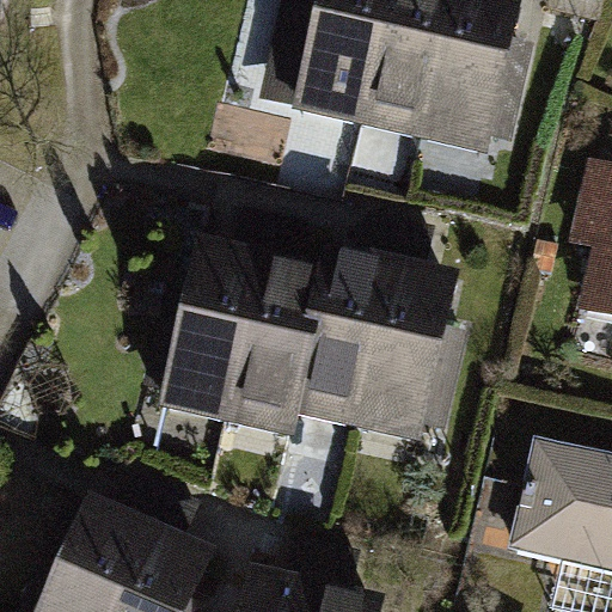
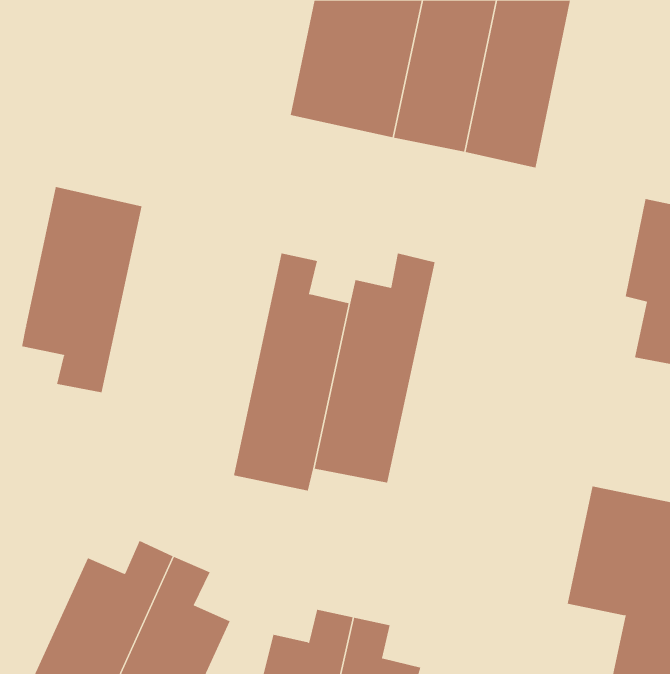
building: none -> [22,186,142,393]
building: [151,224,259,432] -> none
building: [356,239,460,453] -> none

